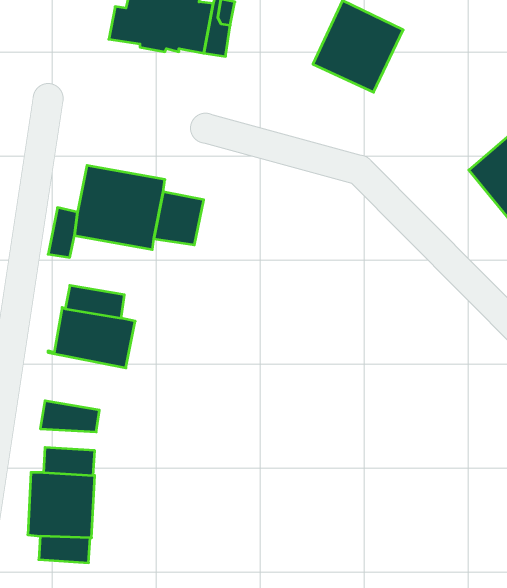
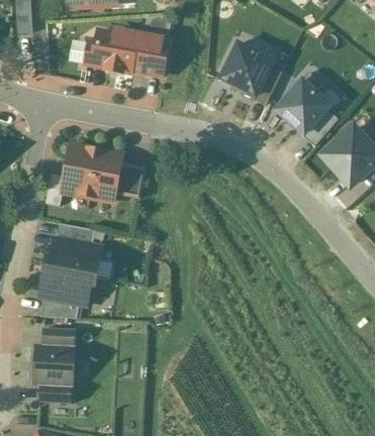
building: none -> [274,77,333,136]
building: none -> [39,265,96,304]

